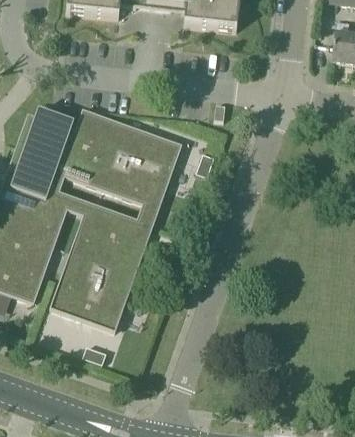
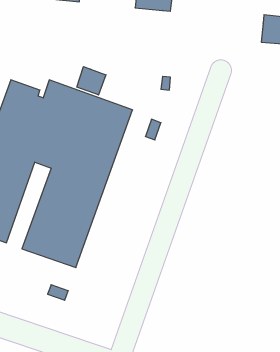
building: none -> [77,67,106,95]

